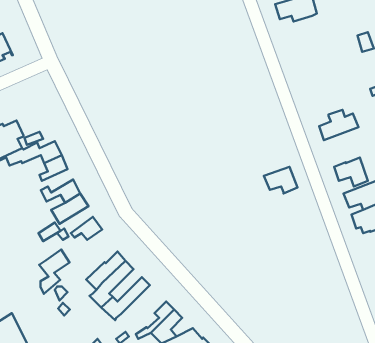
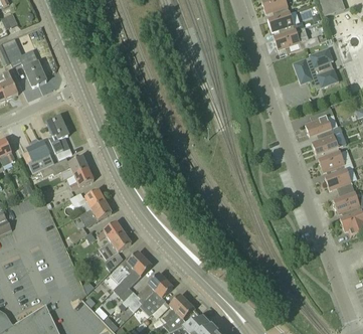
building: none -> [293,46,339,88]
building: none -> [305,108,333,136]
building: none -> [46,116,68,150]
building: [264,167,298,193] -> [318,151,347,174]
building: [39,250,69,294] -> [105,231,131,270]
building: none -> [140,280,172,315]

